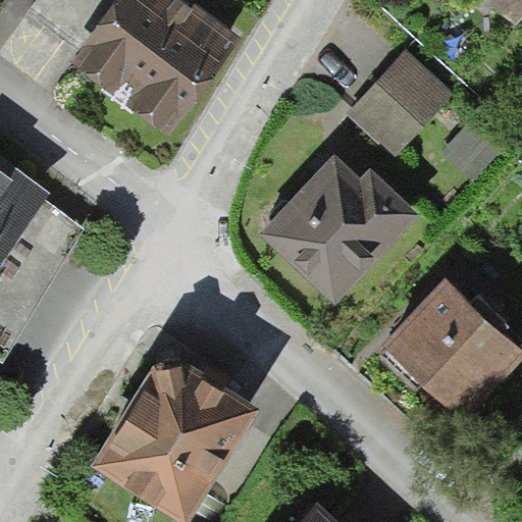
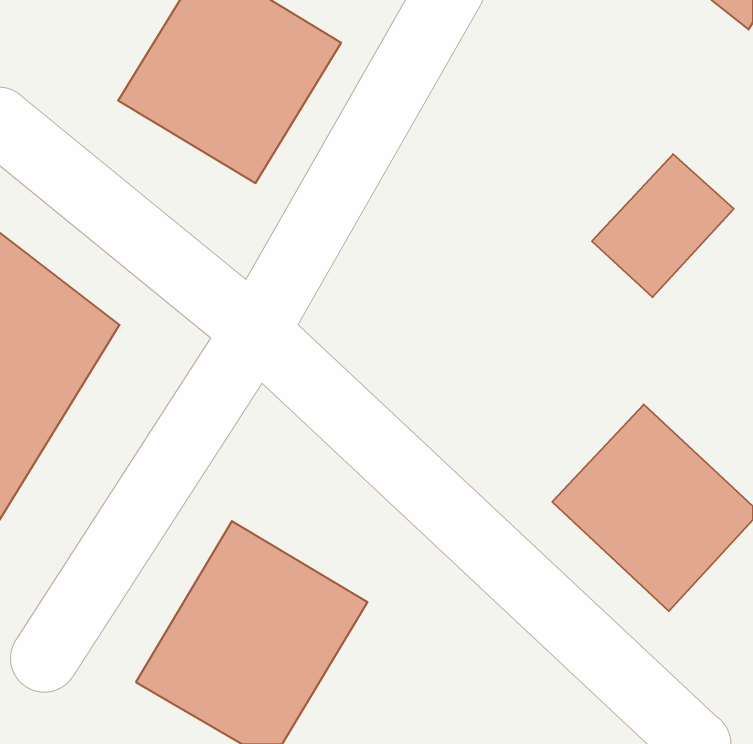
building: [354,50,452,149] -> [592,154,734,297]
building: [257,153,413,303] -> none

